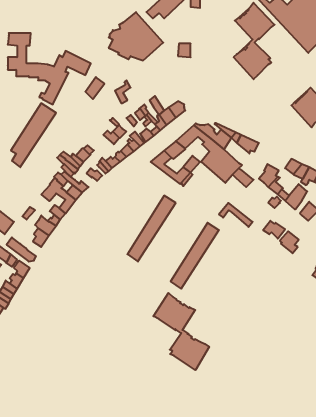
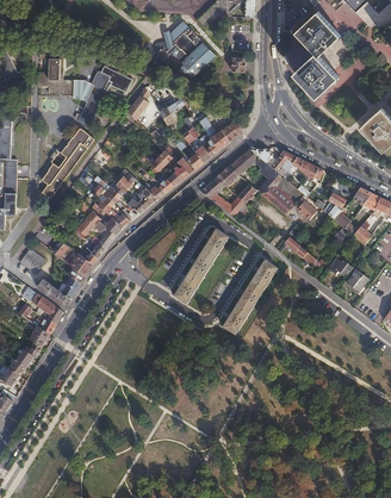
building: [153,293,209,370] -> none

